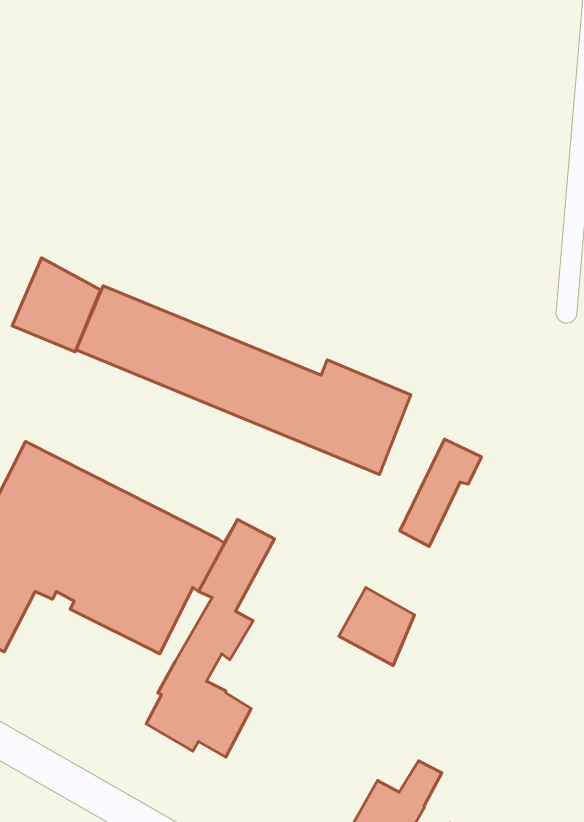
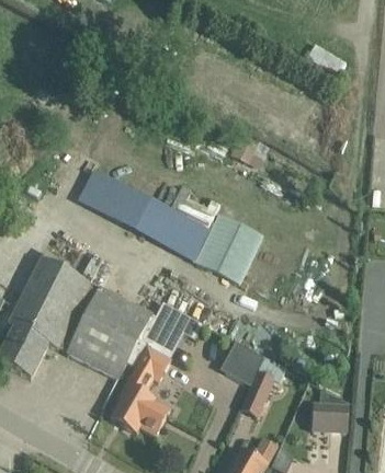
building: [12,258,101,352] -> none
building: [400,439,482,546] -> [240,357,286,417]
building: none -> [313,403,347,431]

